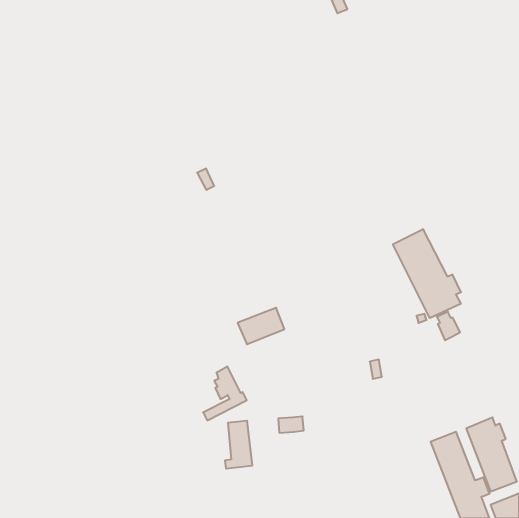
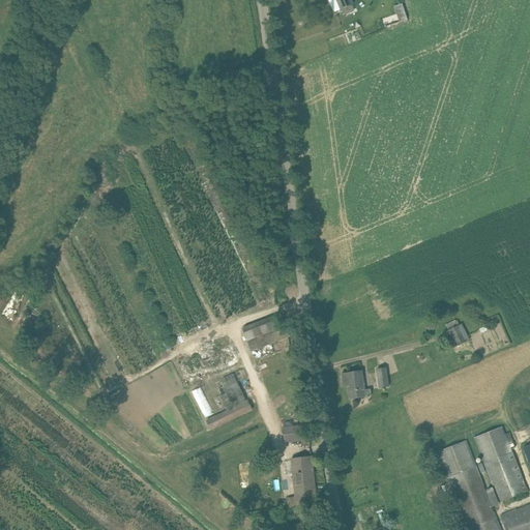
building: [393,229,461,318] -> none
building: none -> [342,371,372,398]
building: [225,421,252,469] -> [288,457,316,505]

